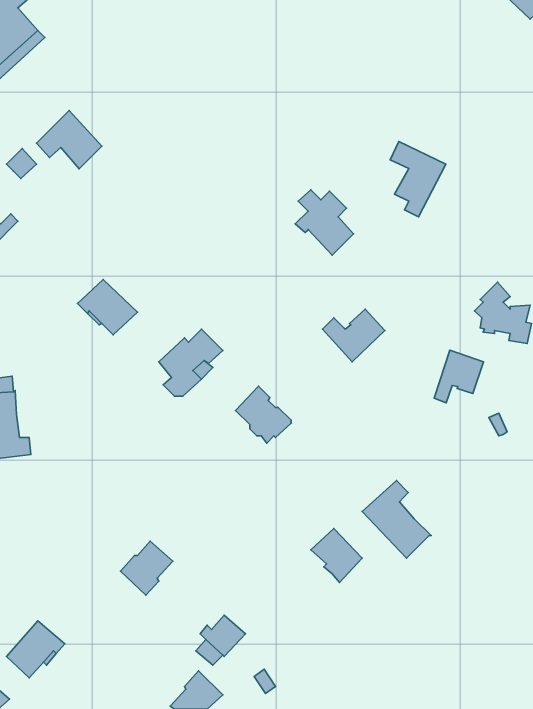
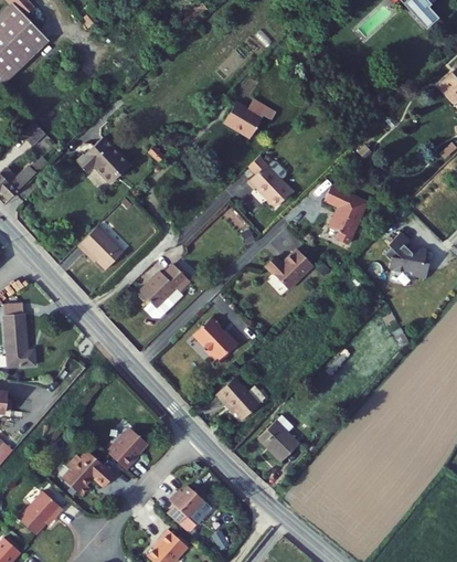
building: [37,110,102,169] -> [75,139,126,184]
building: none -> [223,97,275,138]
building: [390,142,446,217] -> [323,182,366,241]
building: [434,350,483,403] -> none
building: none -> [213,374,256,416]
building: [362,480,431,558] -> none
building: none -> [63,452,116,497]

